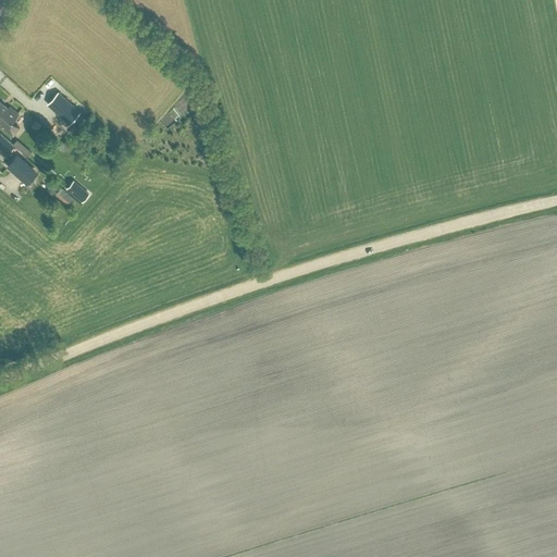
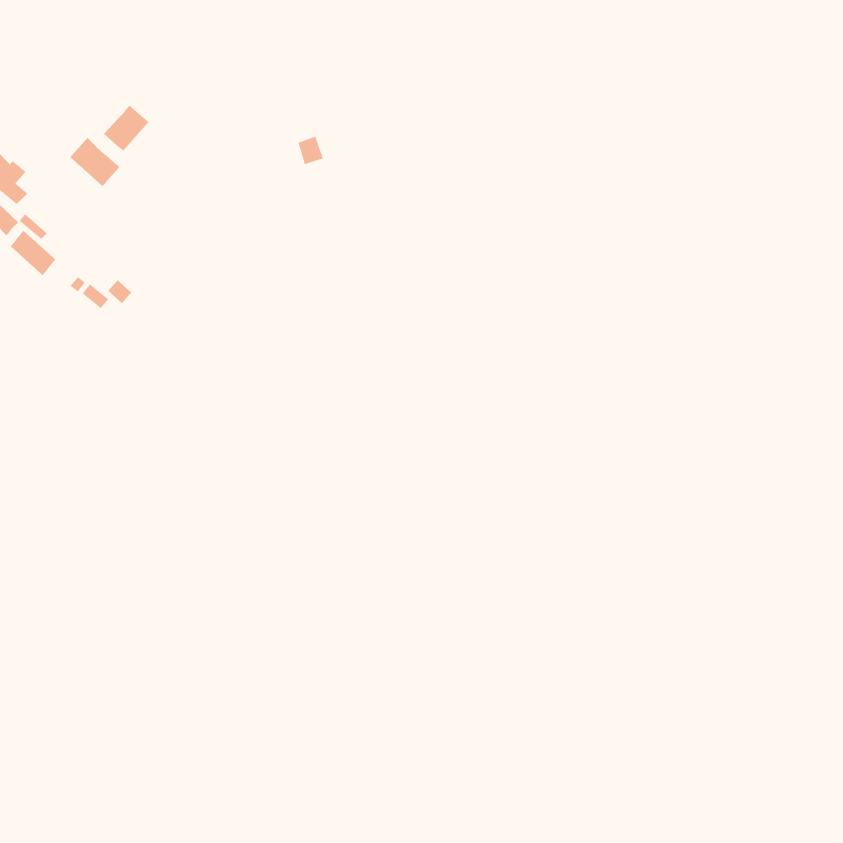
building: none -> [103,105,149,151]

